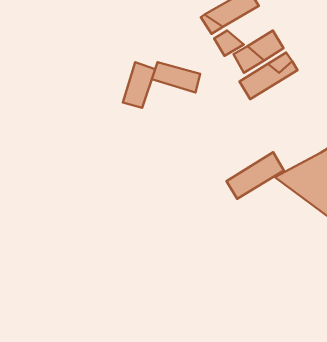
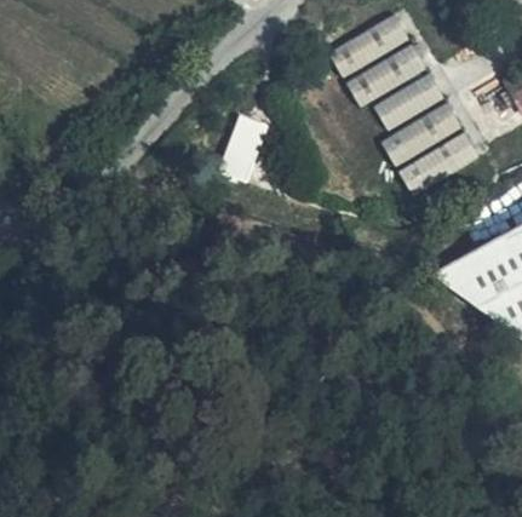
building: none -> [366,44,426,91]
building: [152,62,200,92] -> none
building: [227,152,284,199] -> [401,131,480,195]

